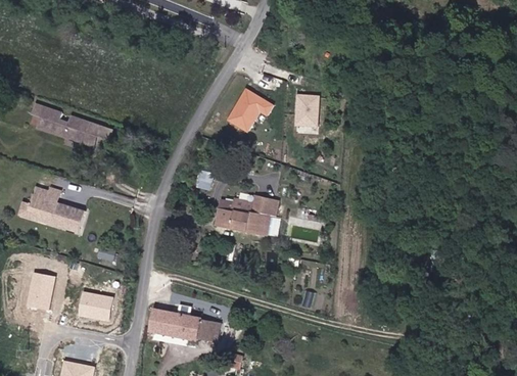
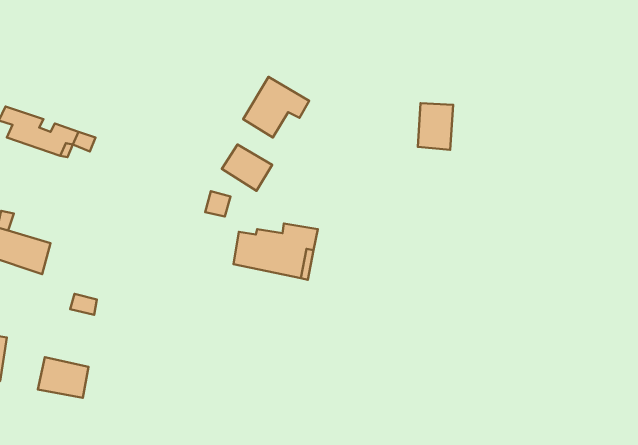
building: [292,94,318,128] -> [418,103,453,150]
building: none -> [222,144,272,191]
building: [148,308,220,341] -> none

